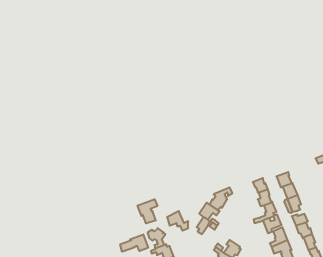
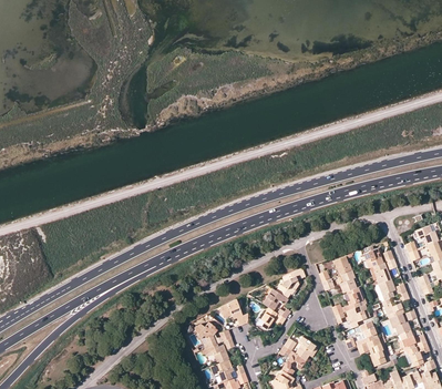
building: [138,199,157,223] -> none
building: [120,234,148,252] -> none

